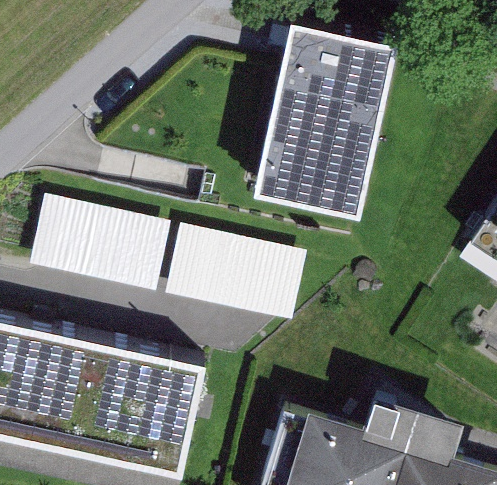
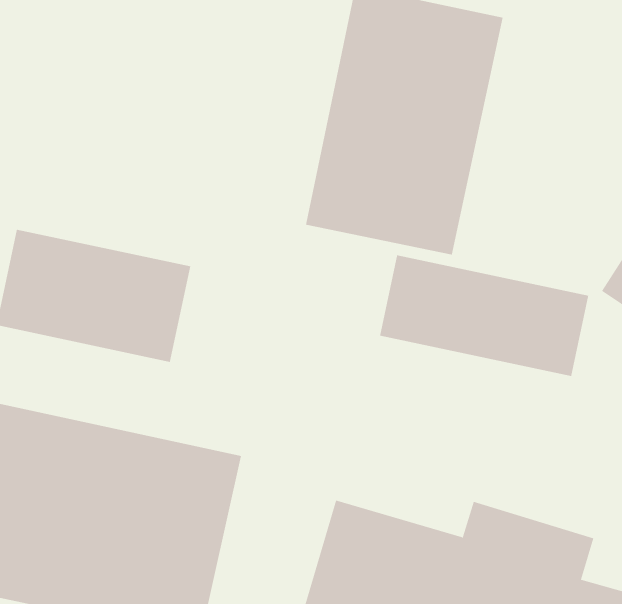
building: none -> [380,254,589,377]
building: [166,223,308,321] -> none

